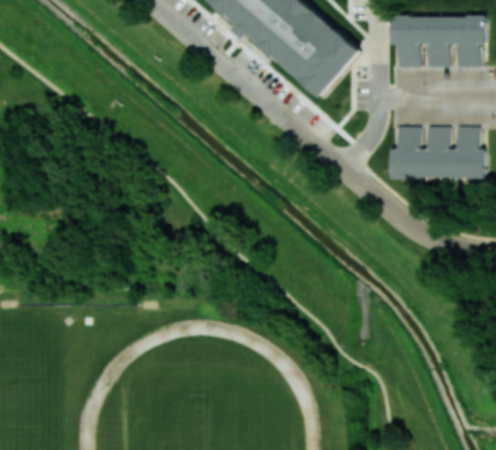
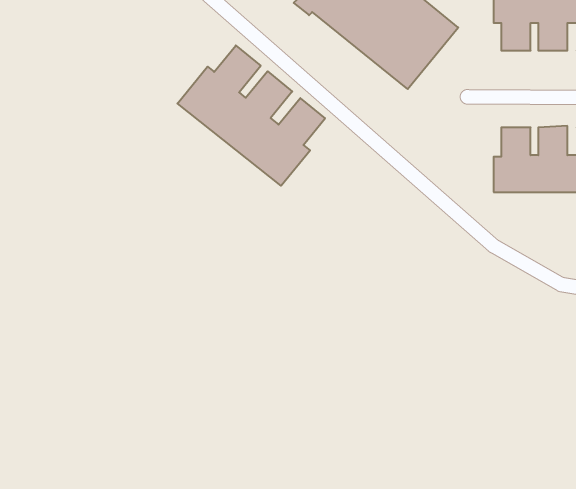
building: none -> [177,45,325,186]

